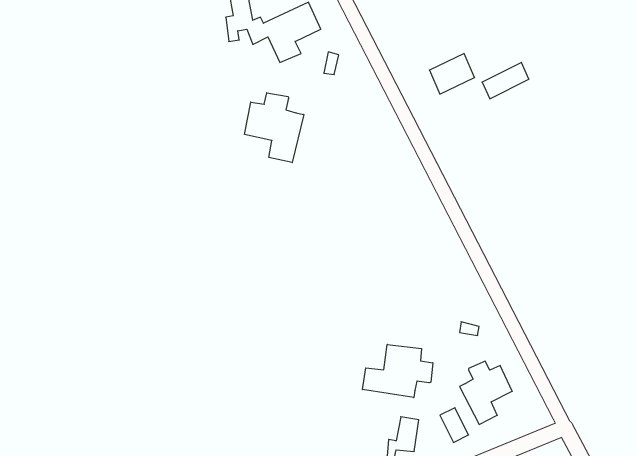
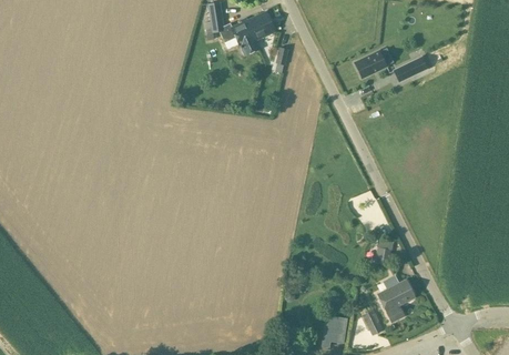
building: [245,93,304,163] -> none
building: [363,344,433,398] -> none

